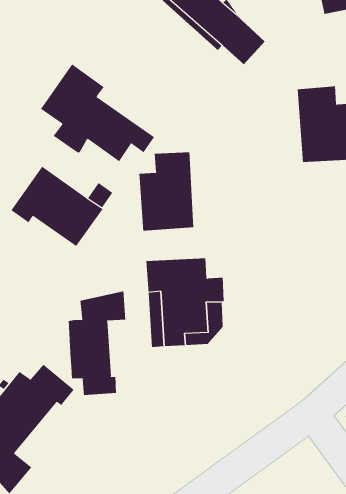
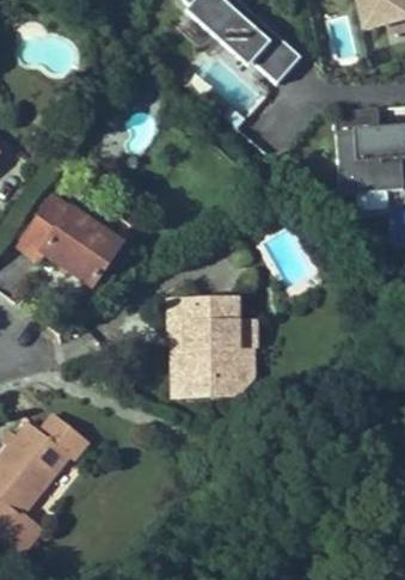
building: [40,64,155,162] -> none
building: [139,152,194,231] -> none
building: [68,291,126,396] -> none

